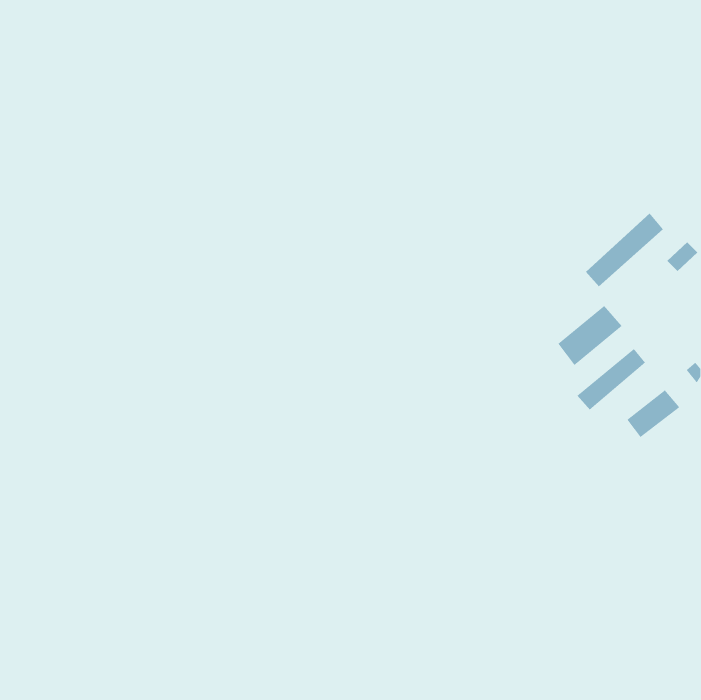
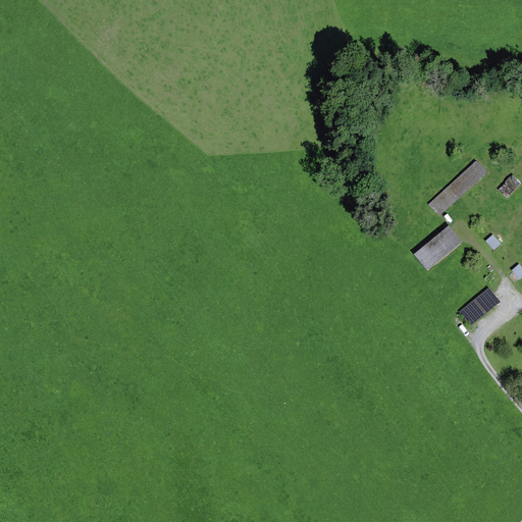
building: [576,348,646,410] -> none

